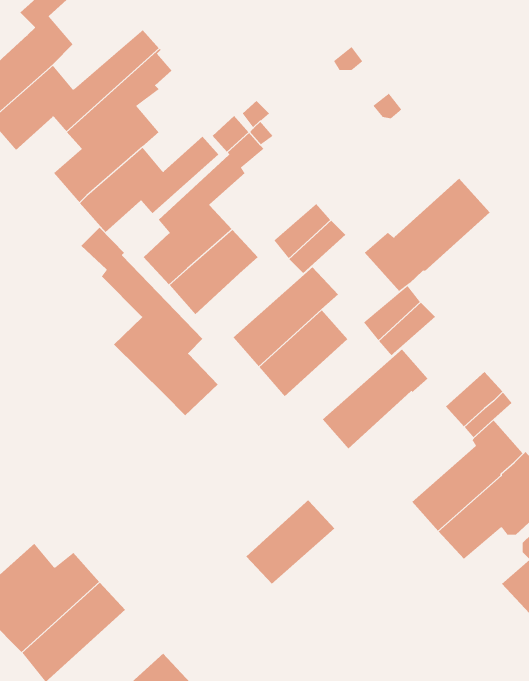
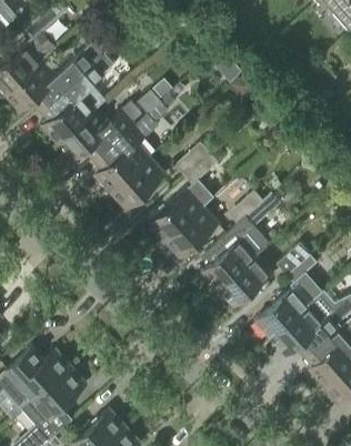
building: [364,178,491,292] -> none
building: [81,227,218,416] -> none
building: [246,499,335,584] -> [219,256,272,307]

